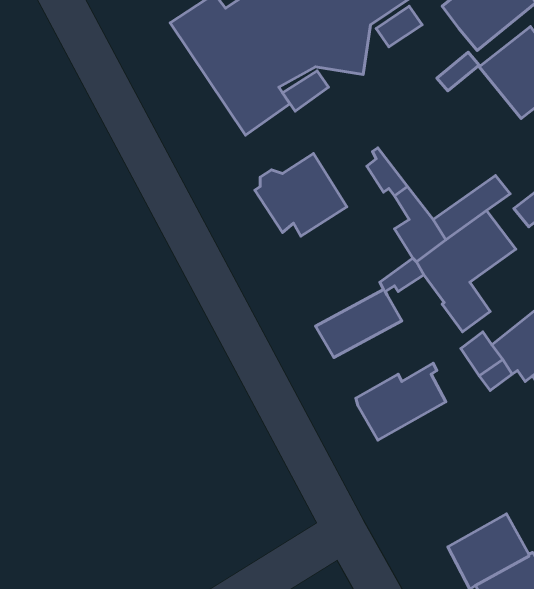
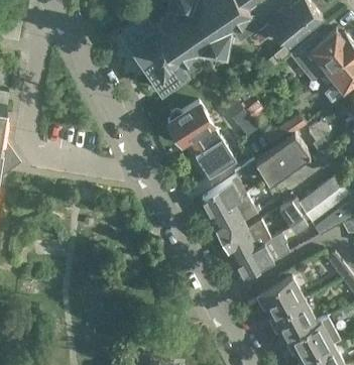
building: none -> [193,133,236,179]
building: none -> [211,196,261,238]
building: none -> [235,234,290,278]
building: none -> [260,278,306,320]

